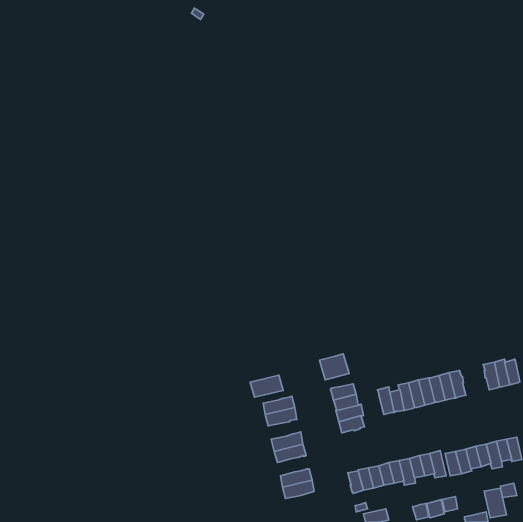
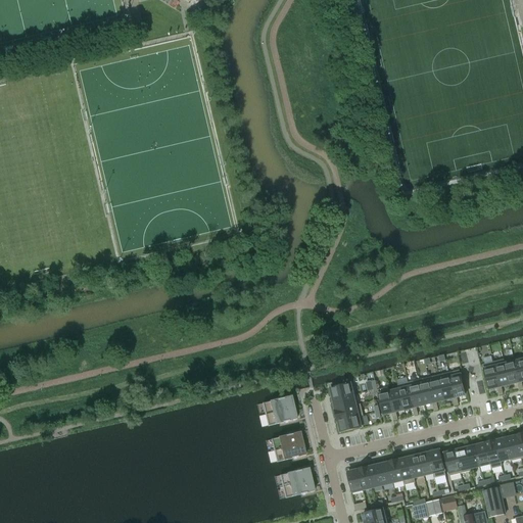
building: [319,354,349,380] -> none
building: [250,375,283,397] -> none

